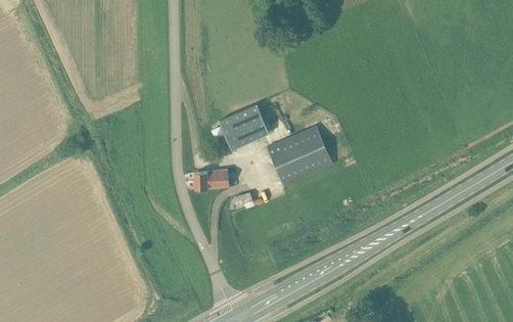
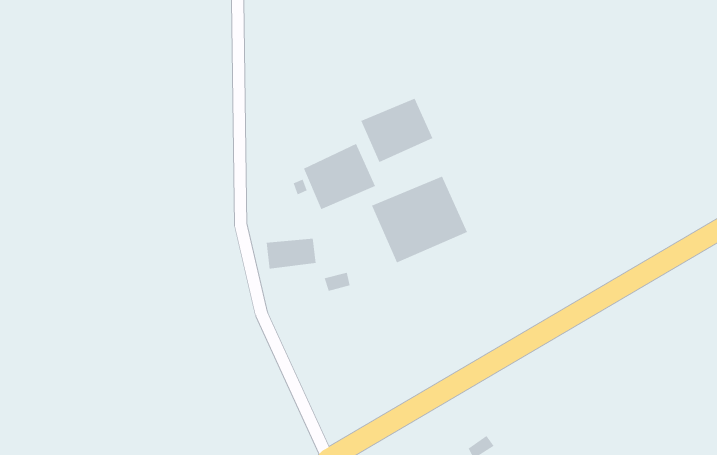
building: none -> [361,98,433,163]

